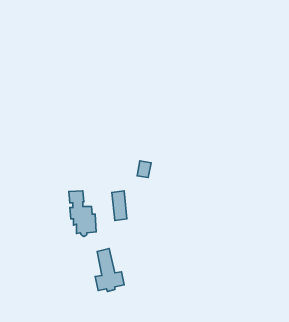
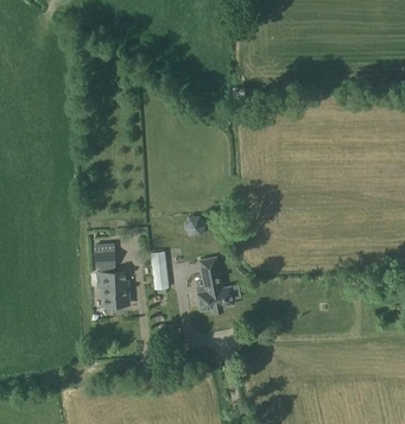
building: [95,249,124,291] -> [197,255,234,310]

